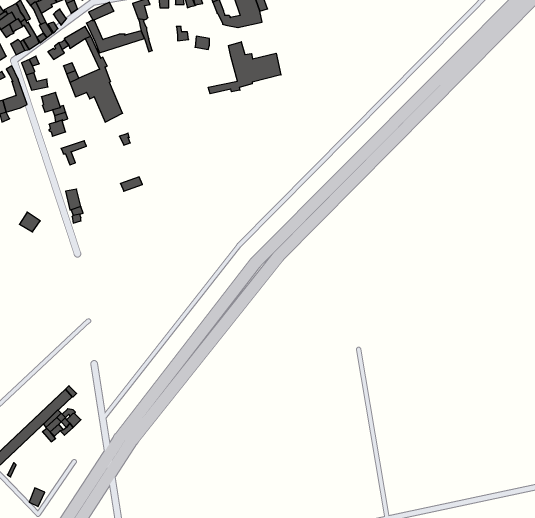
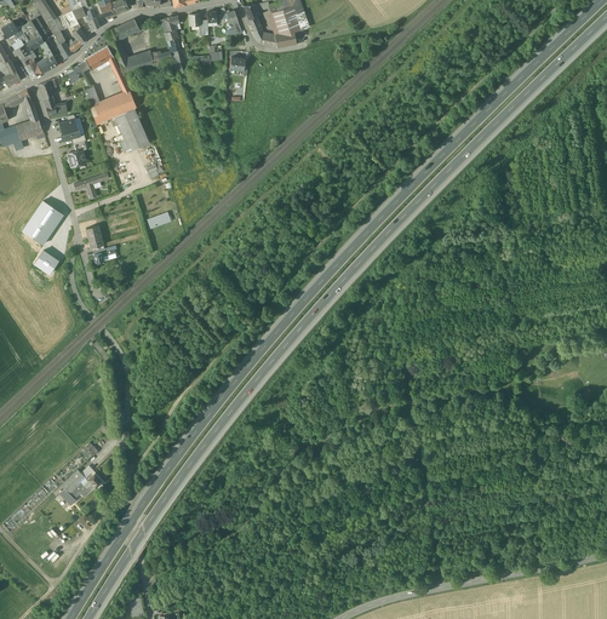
building: [208,42,281,94] -> none
building: none -> [22,201,62,245]

